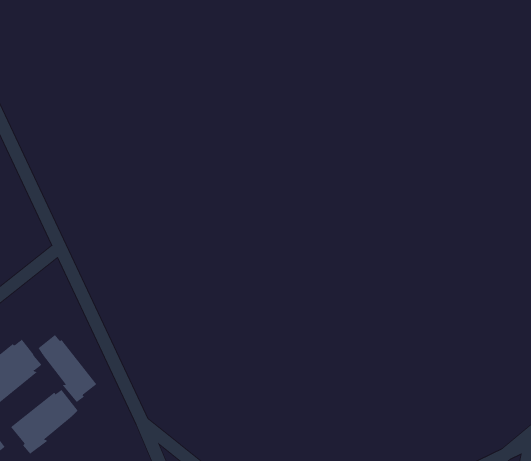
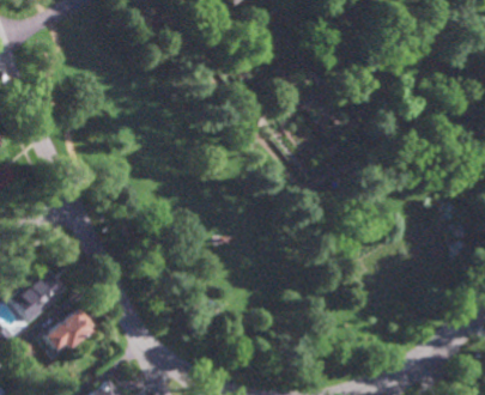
building: [38,334,97,403] -> none

